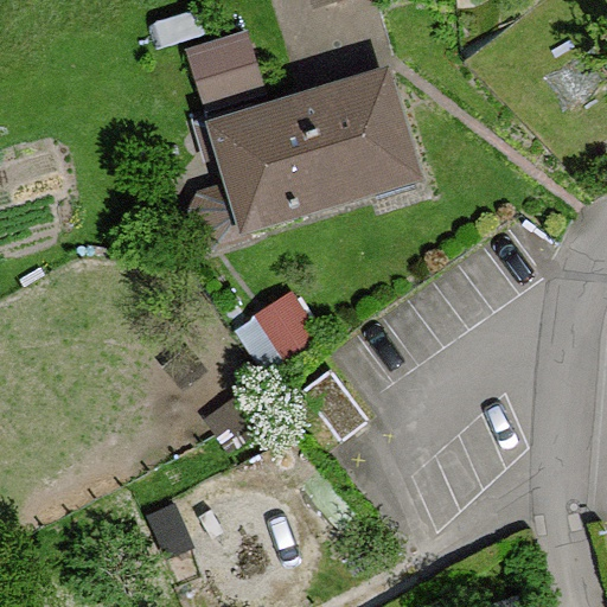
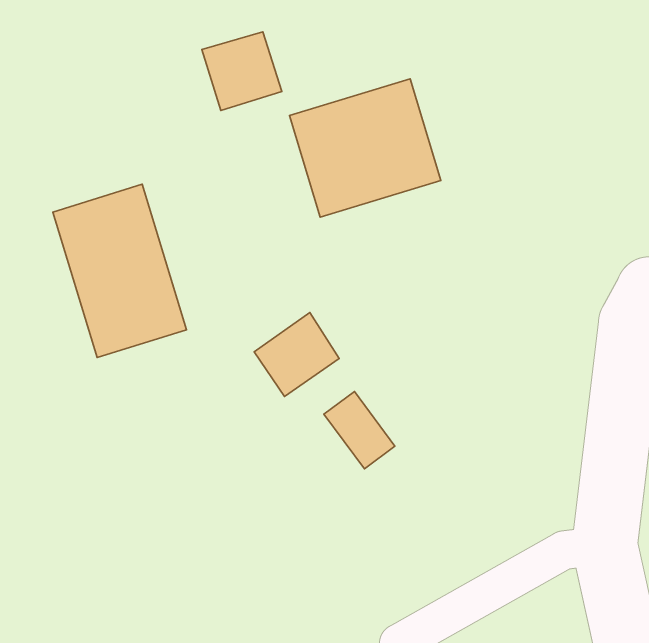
building: [191,108,299,241] -> none
building: none -> [53,184,186,358]

